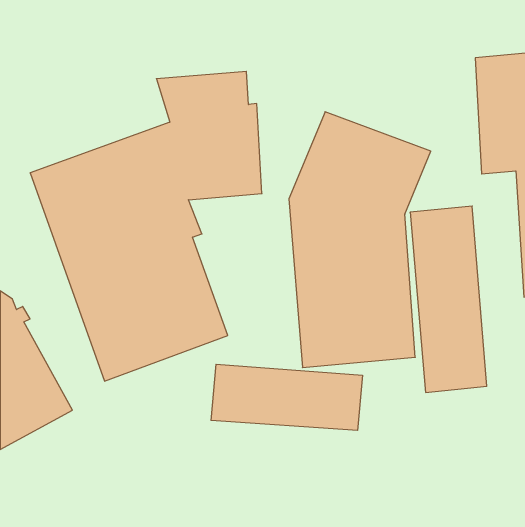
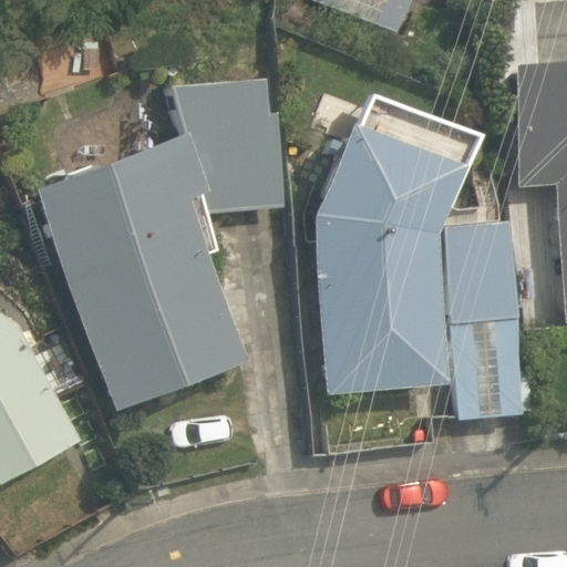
building: [211,364,362,430] -> none

